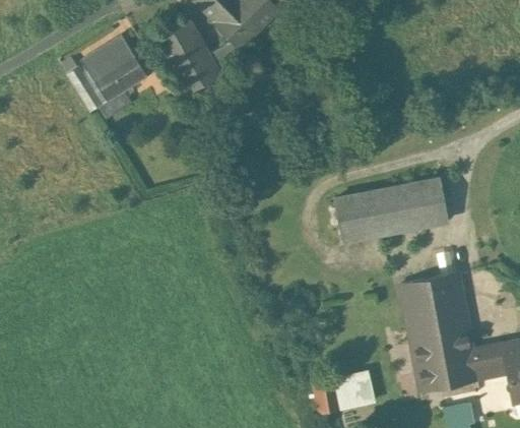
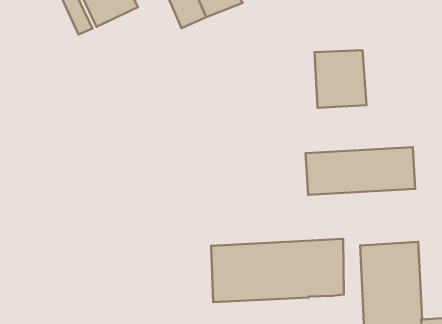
building: none -> [314,50,366,108]
building: none -> [211,239,344,302]

